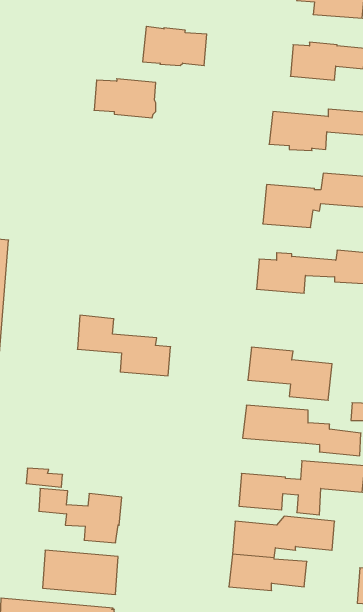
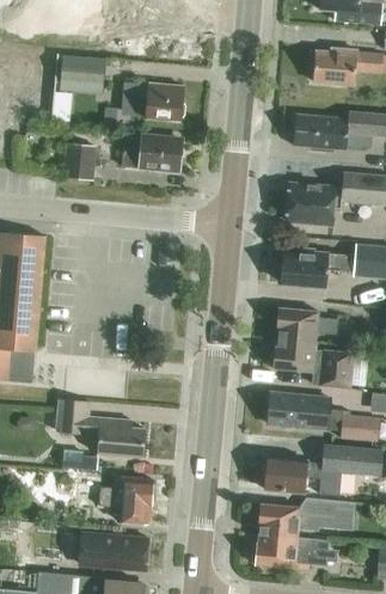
building: [143,26,207,66] -> [121,131,182,169]
building: none -> [55,55,105,94]
building: none -> [63,143,96,178]
building: [77,315,171,376] -> [56,398,145,455]
building: none -> [275,307,336,341]

